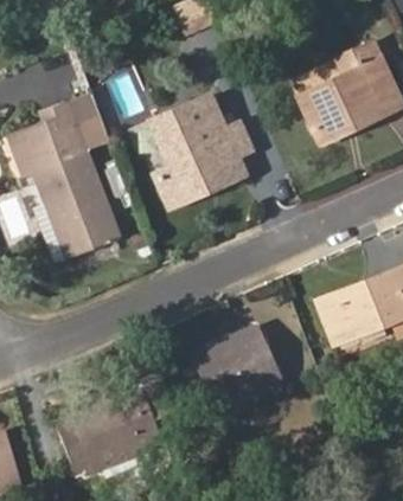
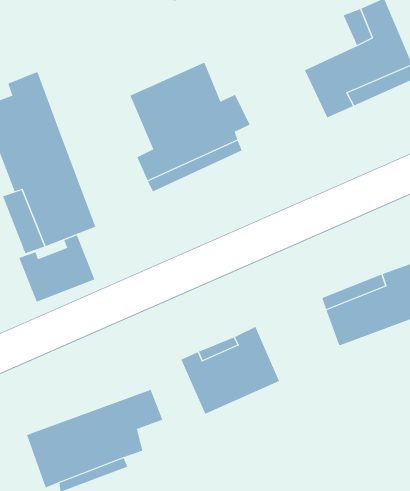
building: [66,92,111,153] -> none
building: none -> [18,235,95,303]

